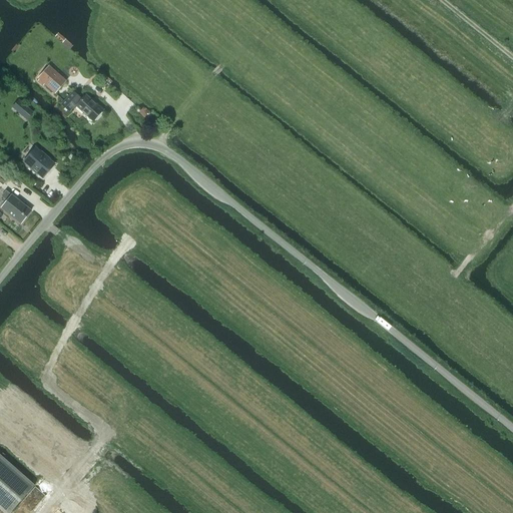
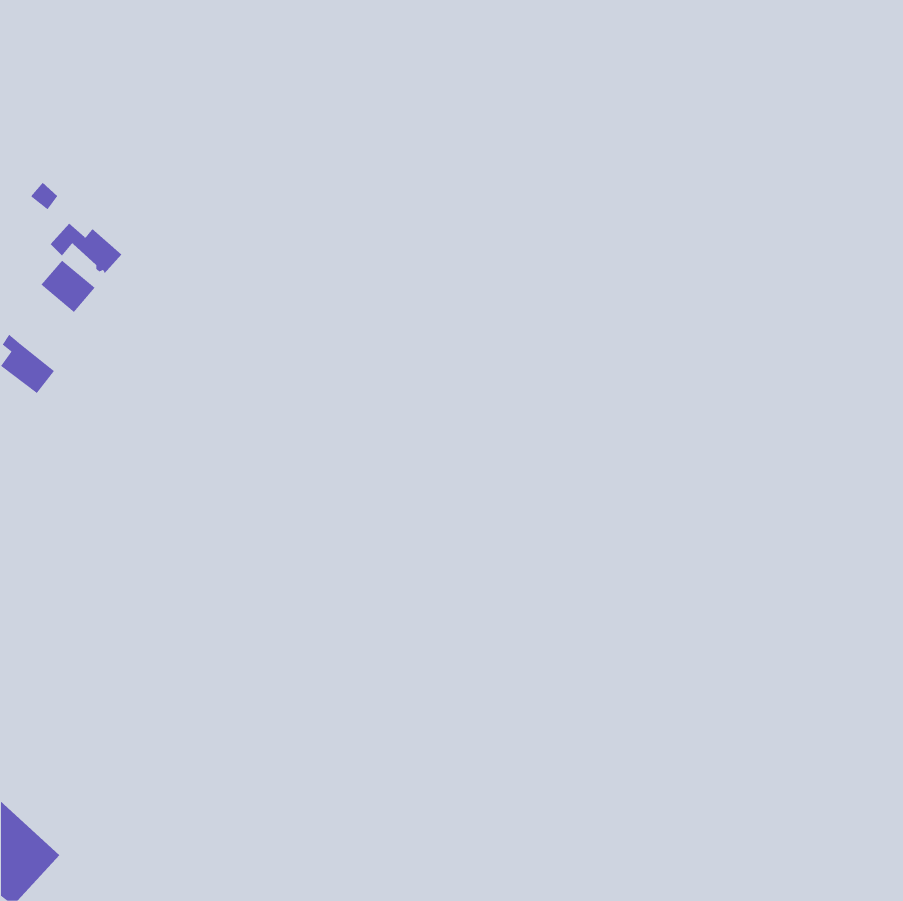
building: [36,64,66,93] -> none
building: [61,92,102,121] -> [50,223,122,274]

